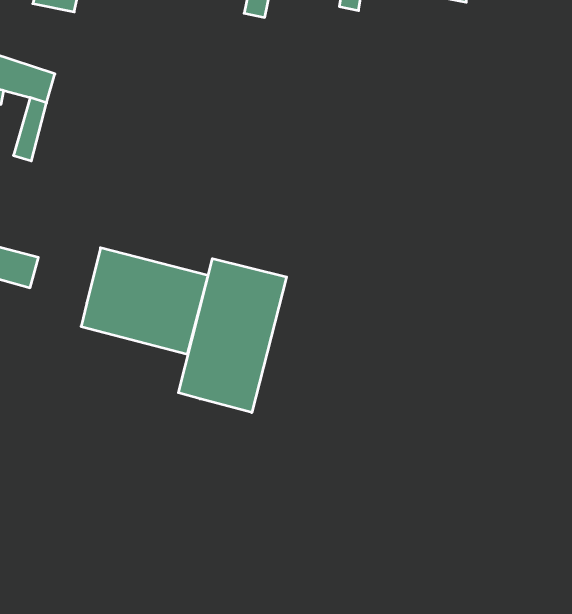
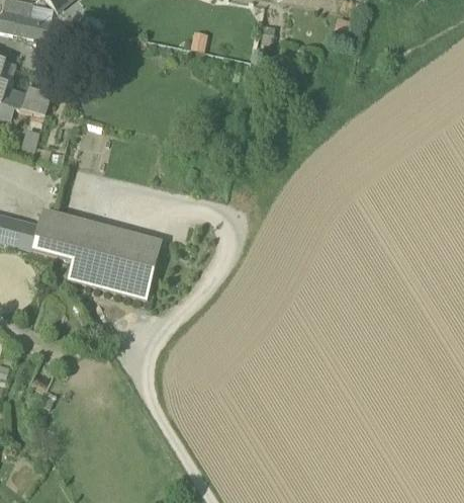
building: none -> [31,207,83,259]
building: [178,259,287,413] -> none

